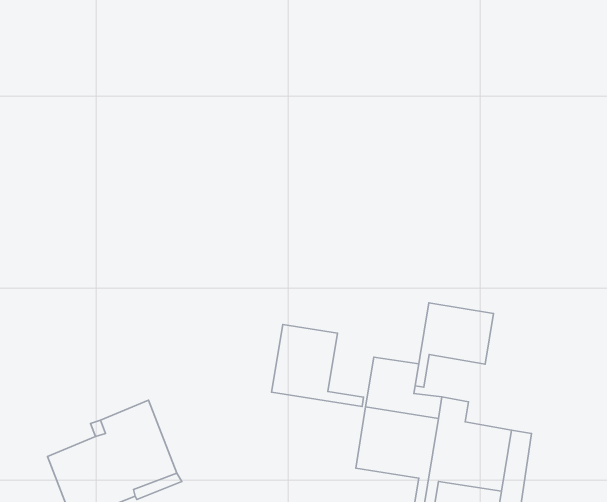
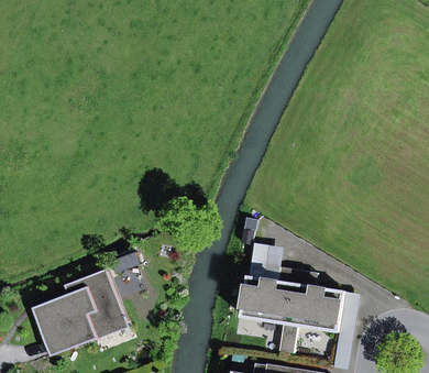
building: [415,303,493,387] -> none
building: [272,324,364,406] -> none

